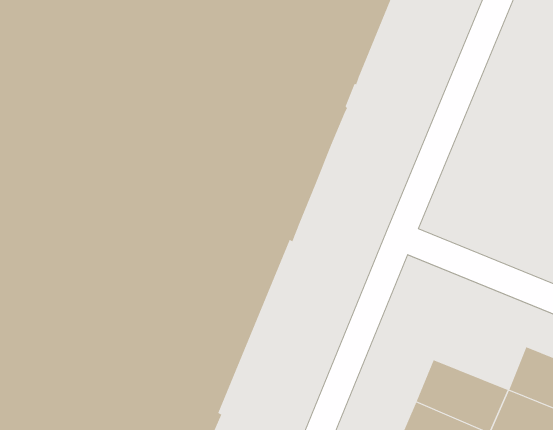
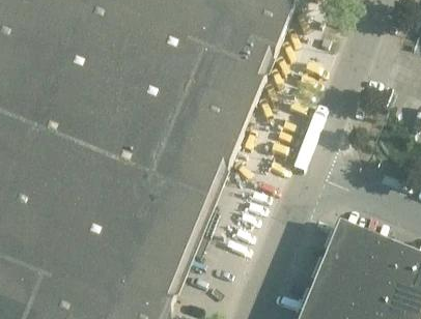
building: none -> [324,231,390,284]

